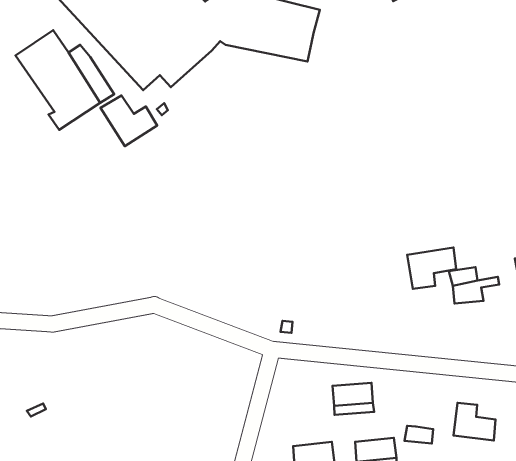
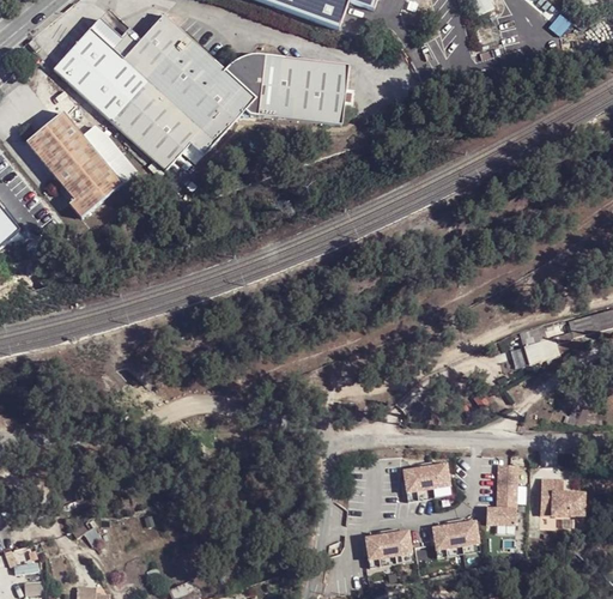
building: [101,95,157,146] -> none
building: [407,248,456,289] -> none
building: none -> [496,465,517,503]

